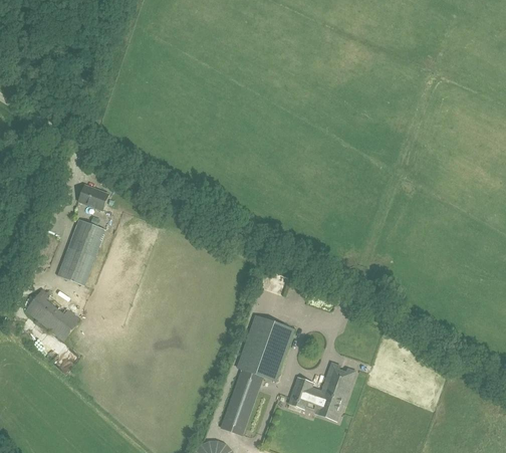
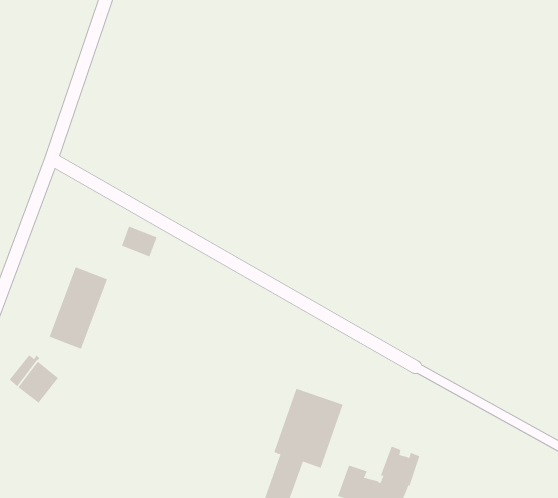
building: [78,185,107,210] -> [121,226,157,257]
building: [49,308,79,339] -> none

